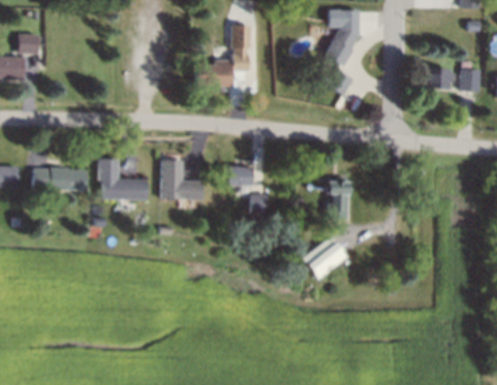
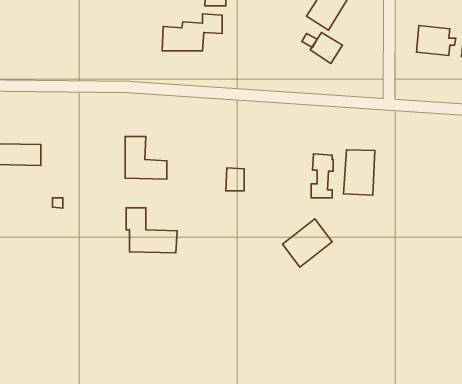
building: [100,160,146,200] -> [126,208,177,253]
building: [227,166,252,187] -> none
building: none -> [343,150,375,195]

